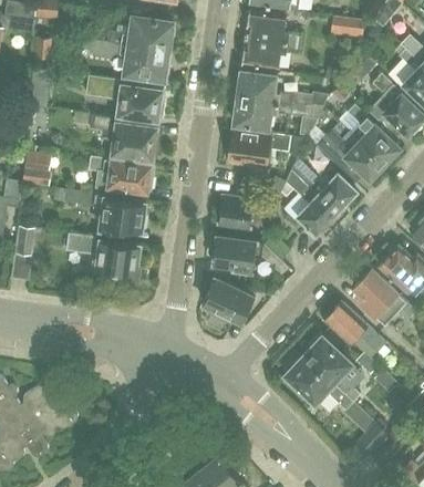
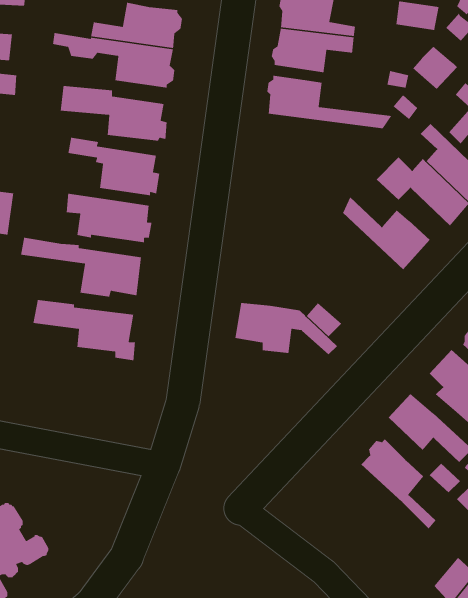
building: [230,99,321,129] -> none
building: [225,131,306,167] -> none
building: [286,170,335,232] -> none
building: [218,196,268,229] -> none
building: [203,278,255,323] -> none
building: [286,354,354,410] -> none

